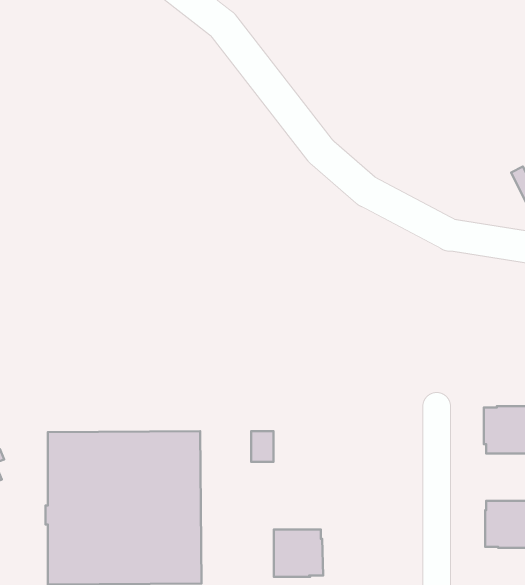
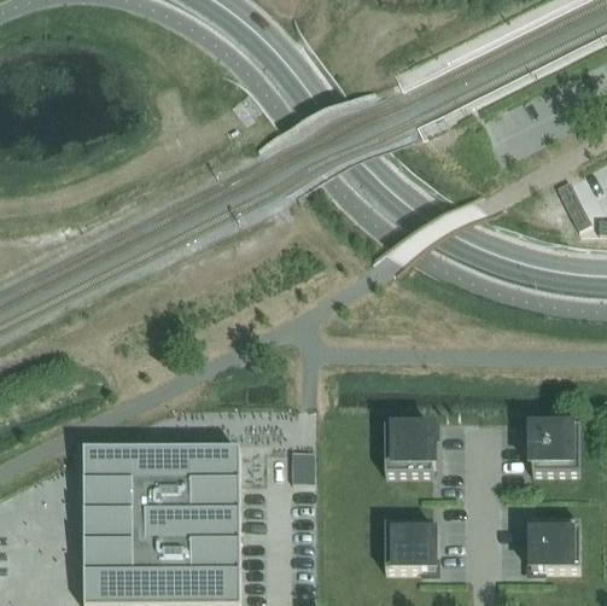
building: none -> [384,420,433,468]
building: [274,529,323,577] -> [384,517,434,565]

